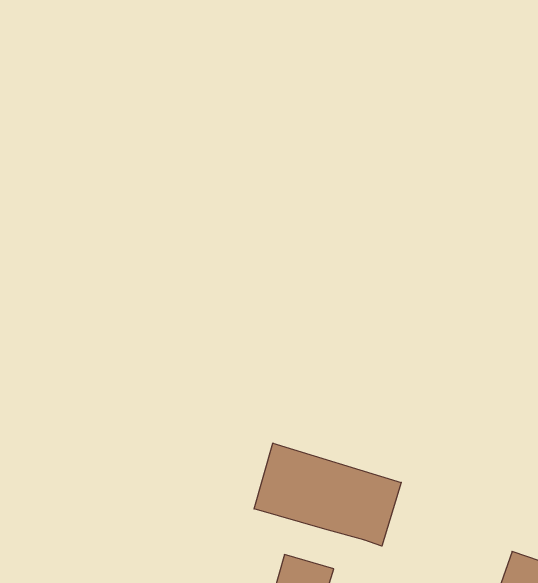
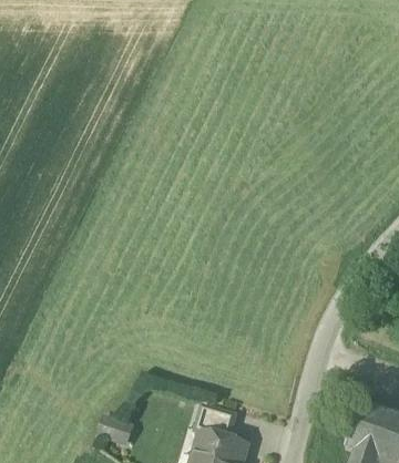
building: [254,443,401,546] -> none

